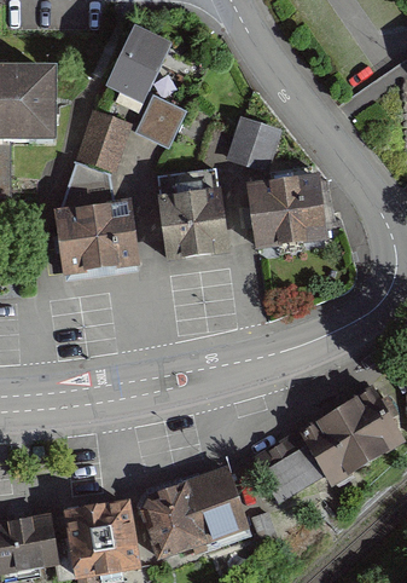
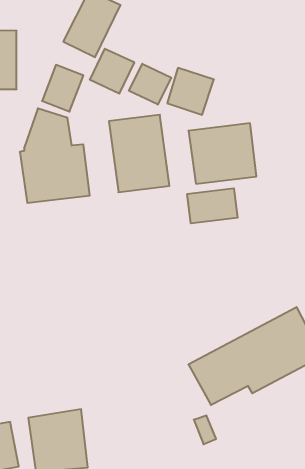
building: none -> [129,64,171,105]
building: none -> [187,188,238,223]
building: [138,471,243,558] -> none

